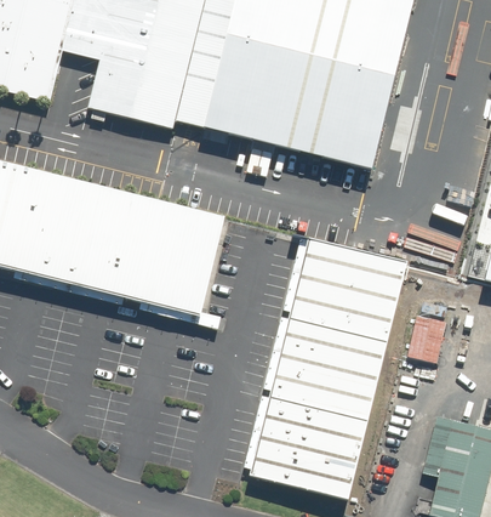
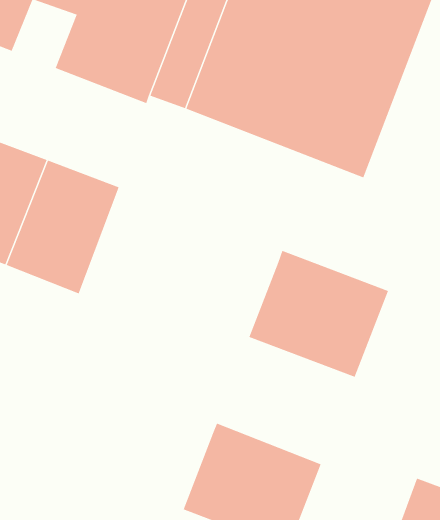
building: [136,203,223,316] -> none
building: [269,318,384,420] -> none

